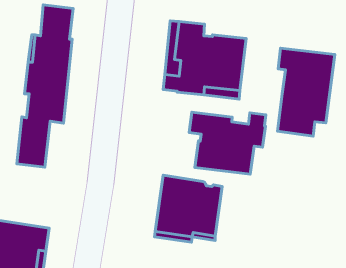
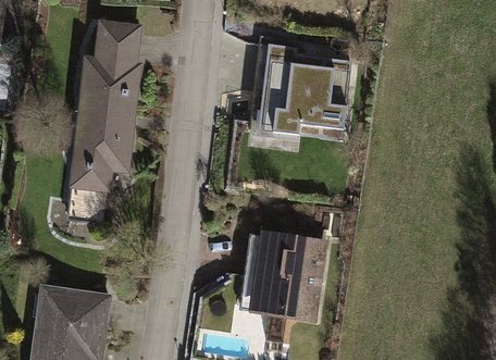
building: [277,48,335,136] -> none
building: [189,112,266,174] -> none

